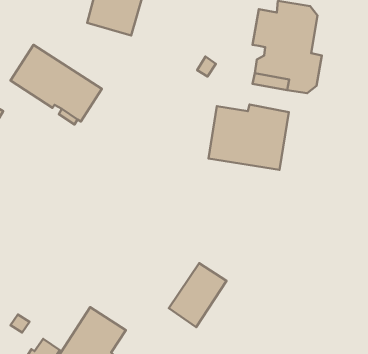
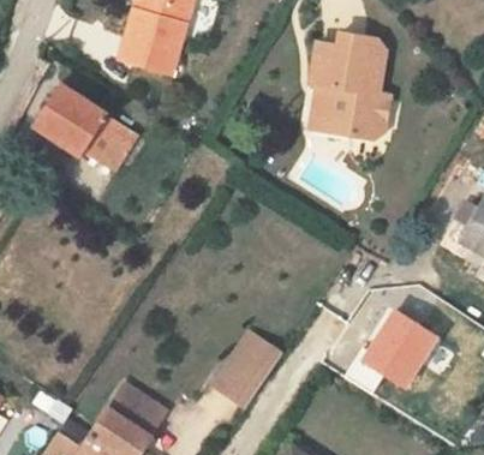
building: [209,105,289,170] -> none
building: none -> [343,310,435,394]

